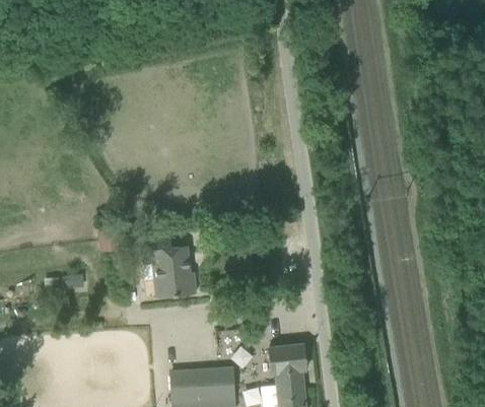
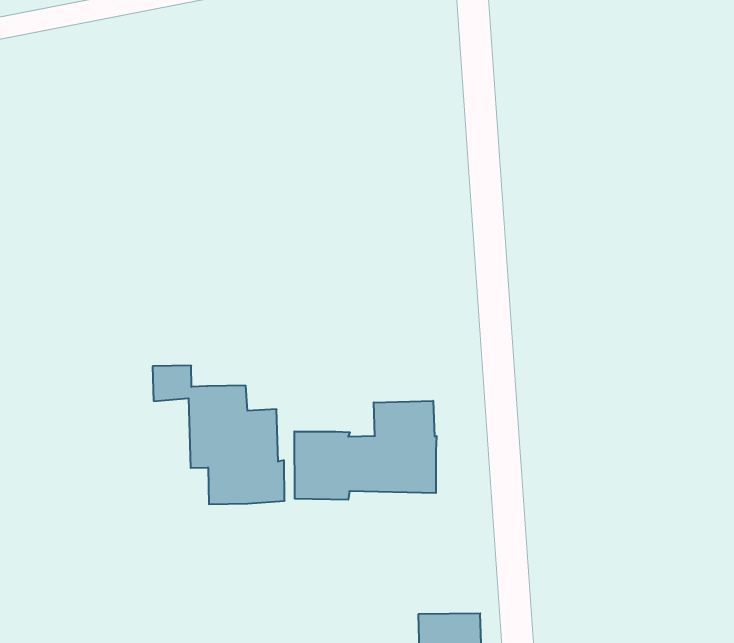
building: none -> [294,401,437,500]

